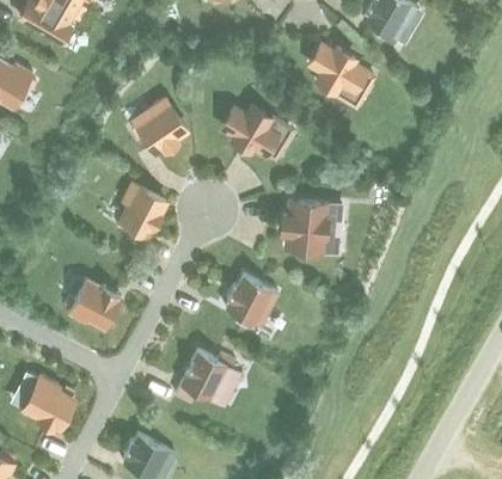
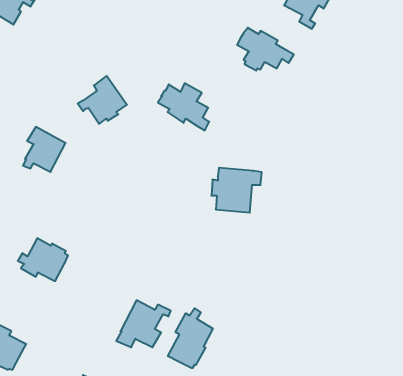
building: [118,185,166,235] -> [23,127,66,172]
building: [226,275,280,330] -> none
building: none -> [168,308,213,368]

